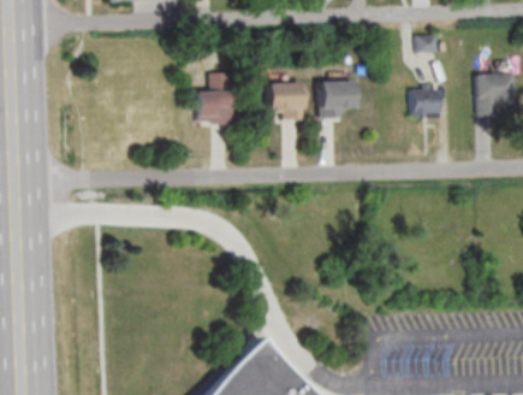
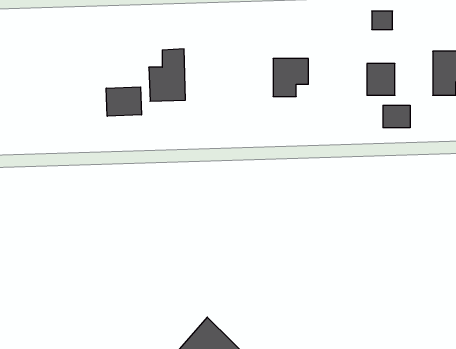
building: [269,82,304,118] -> none
building: none -> [106,87,141,116]
building: none -> [383,105,410,128]

